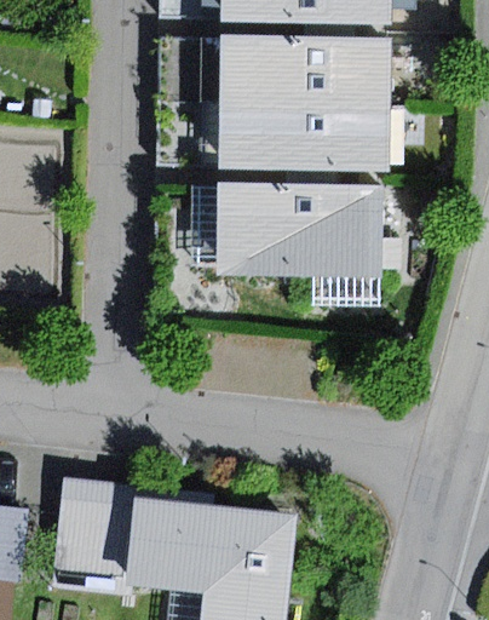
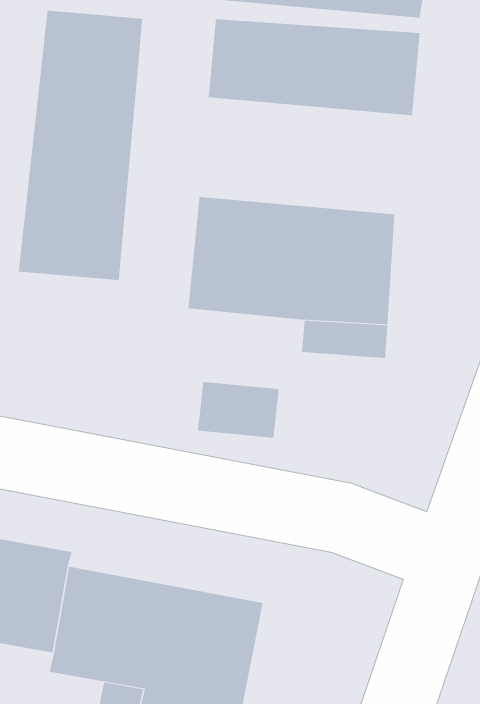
building: none -> [18,10,143,281]
building: [217,101,390,171] -> none

